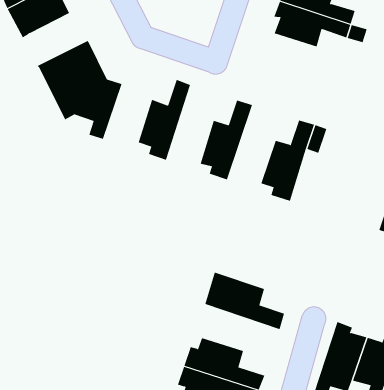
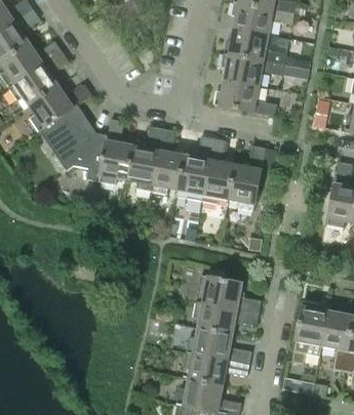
building: none -> [29,84,91,132]
building: none -> [213,80,276,116]
building: none -> [99,119,132,184]
building: none -> [151,129,184,195]
building: none -> [201,138,235,204]
building: none -> [193,301,259,334]

